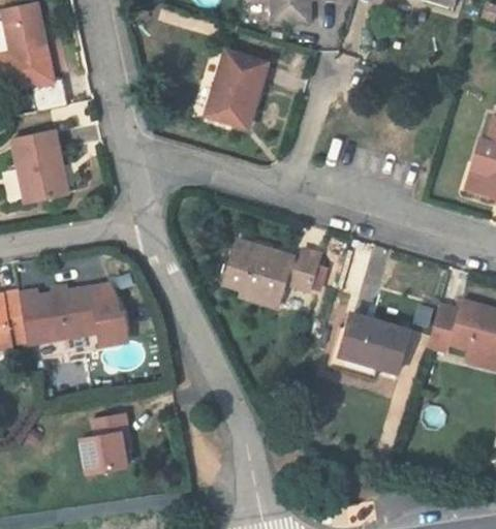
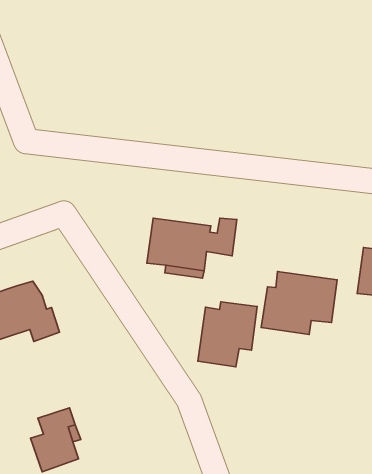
building: [207,50,268,126] -> none
building: none -> [198,302,257,367]

